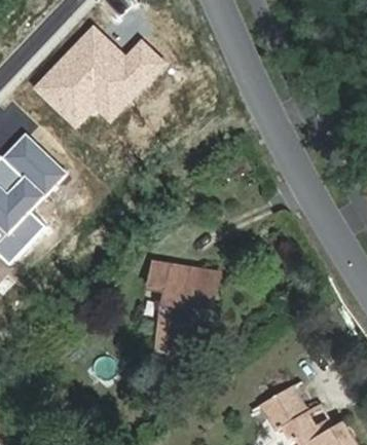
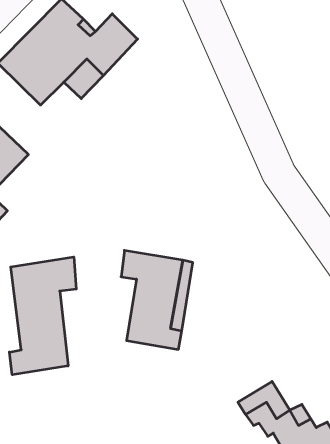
building: none -> [9,257,76,375]

